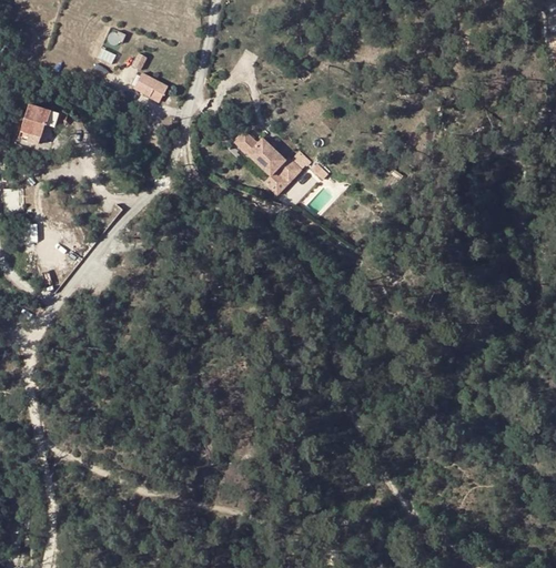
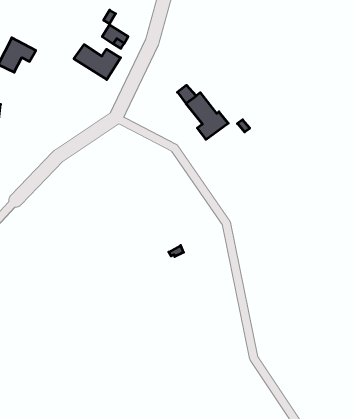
building: none -> [74,45,121,80]

